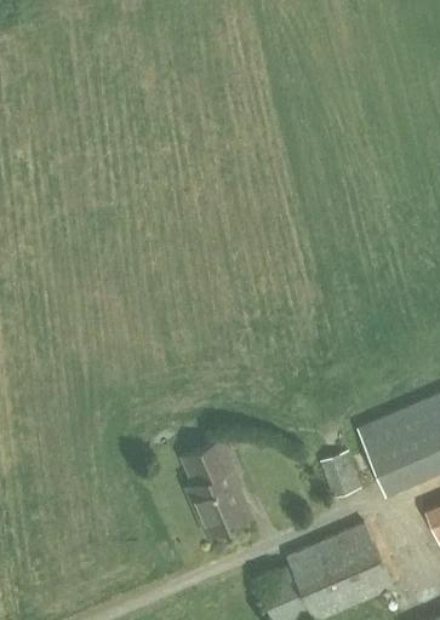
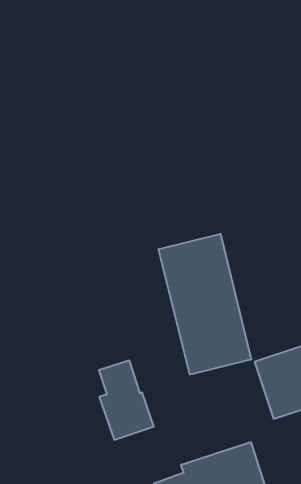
building: none -> [158,234,251,375]
building: [316,452,362,500] -> none

